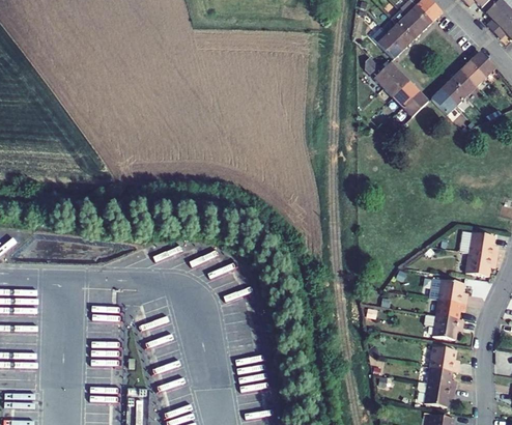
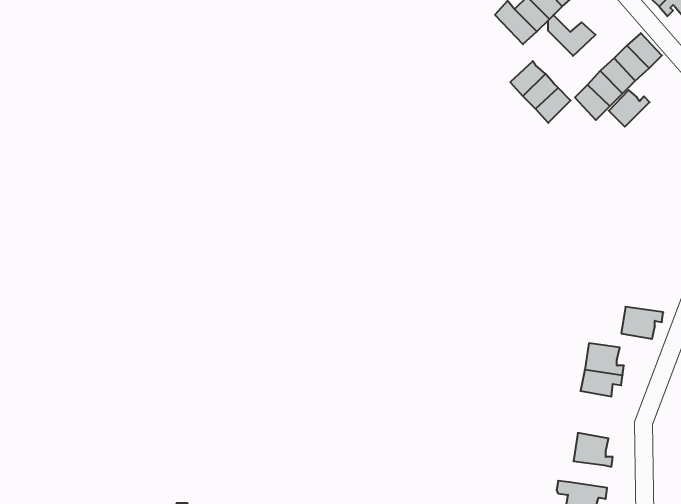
building: [366,57,401,87] -> [548,15,596,56]
building: none -> [609,90,650,127]
building: [460,231,500,257] -> none
building: [425,314,464,339] -> none
building: [428,367,457,387] -> none

